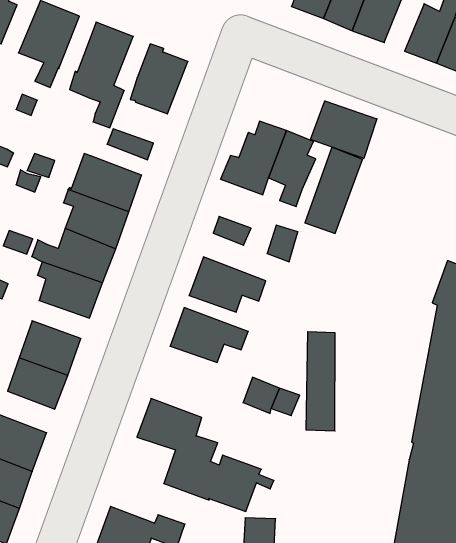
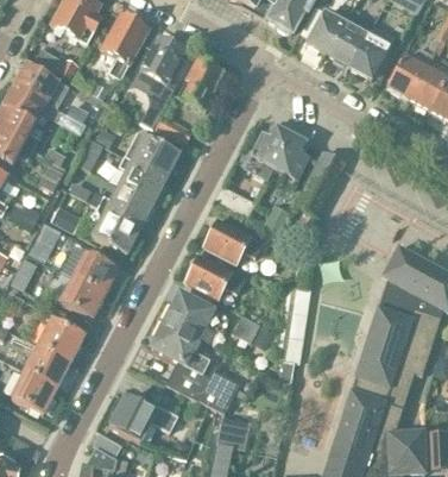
building: [310,101,377,159] -> none
building: none -> [164,291,229,338]

